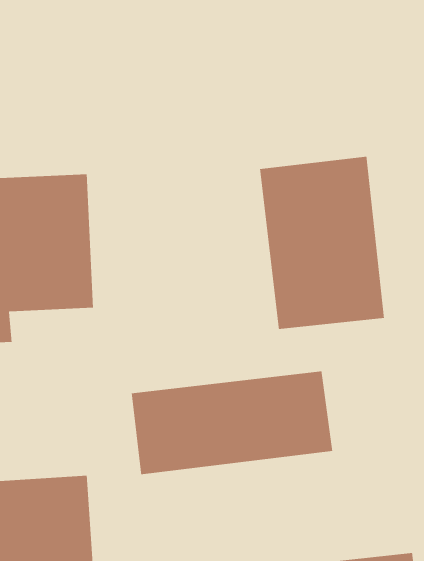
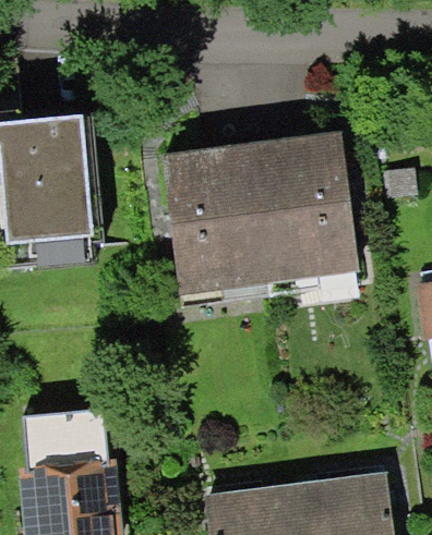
building: none -> [164,146,273,294]
building: [131,370,333,475] -> none

